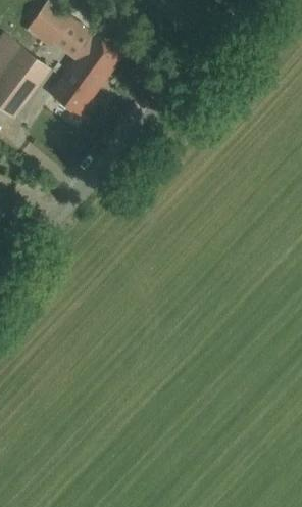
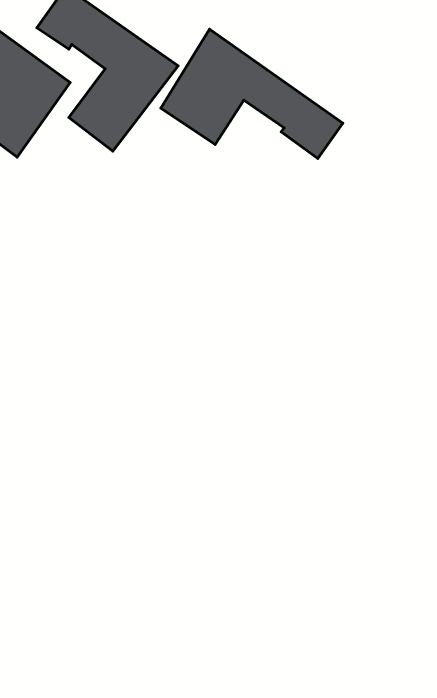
building: none -> [161,29,343,159]

